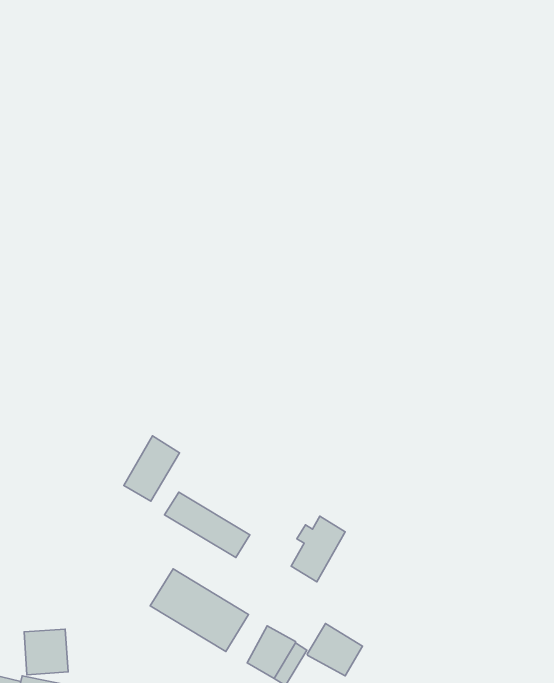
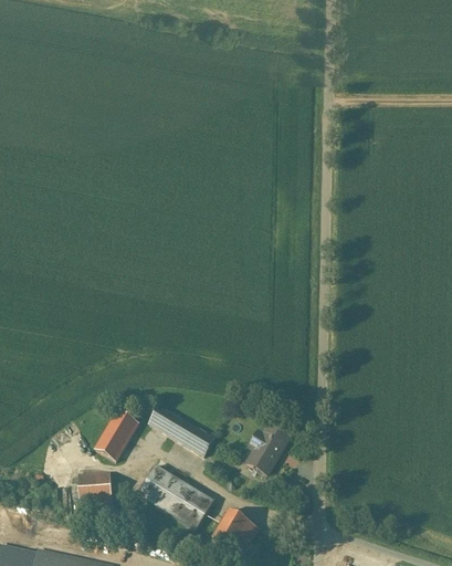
building: [124,436,179,501] -> [95,409,138,460]
building: [307,624,362,676] -> none
building: [24,629,68,675] -> [77,471,112,506]

